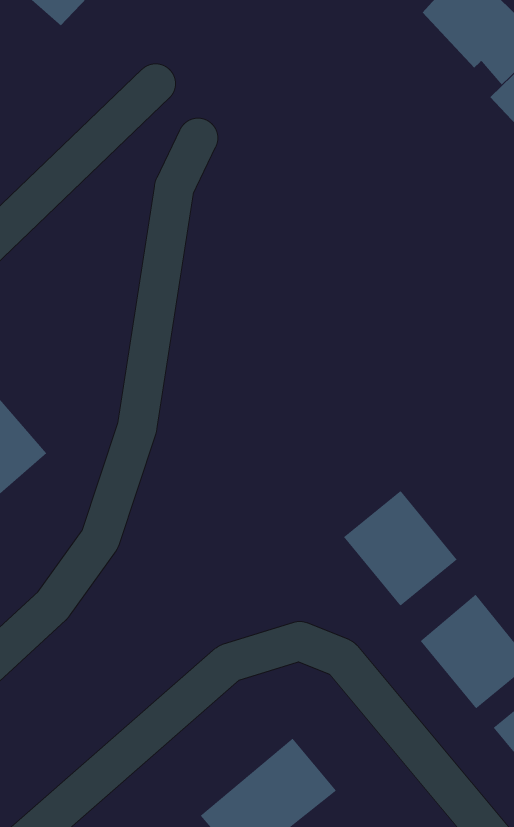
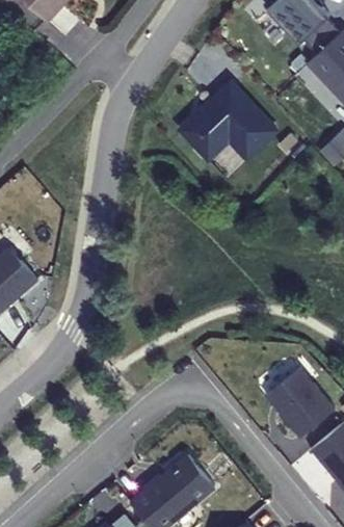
building: none -> [180,82,277,160]
building: [343,490,457,606] -> none

